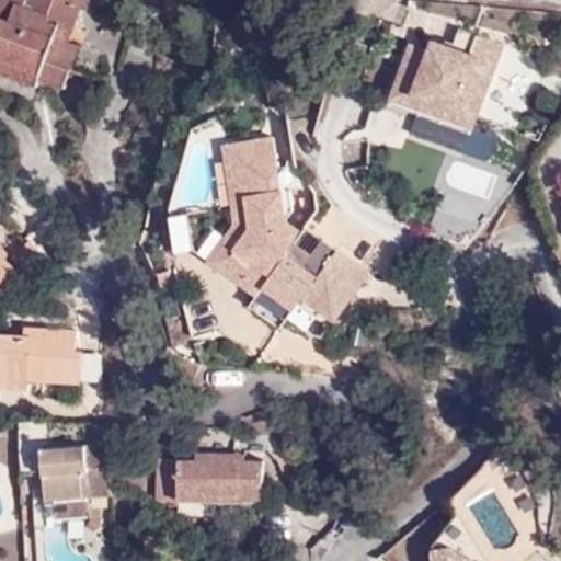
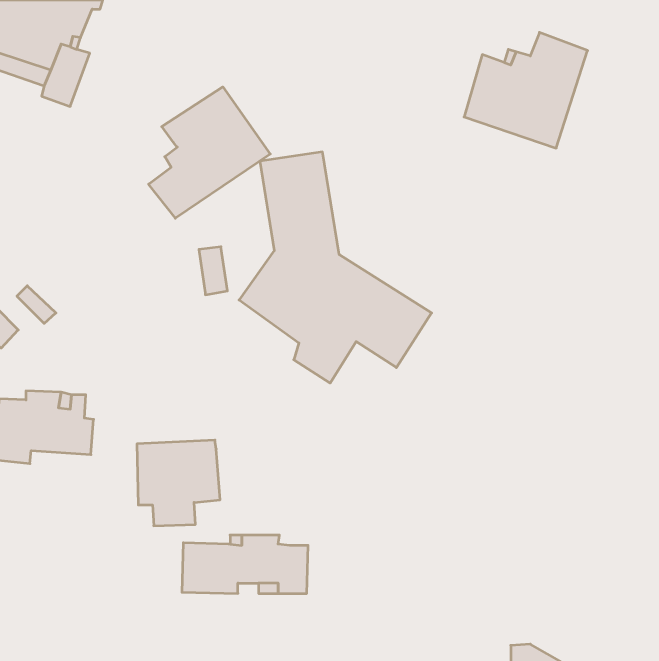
building: none -> [149,87,270,218]
building: [39,447,110,519] -> [137,440,220,526]

